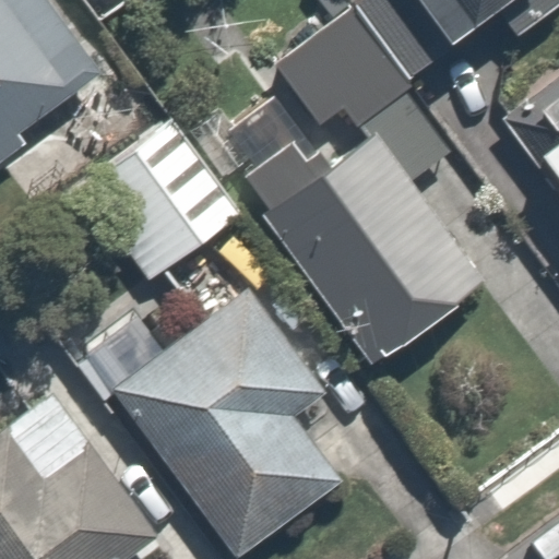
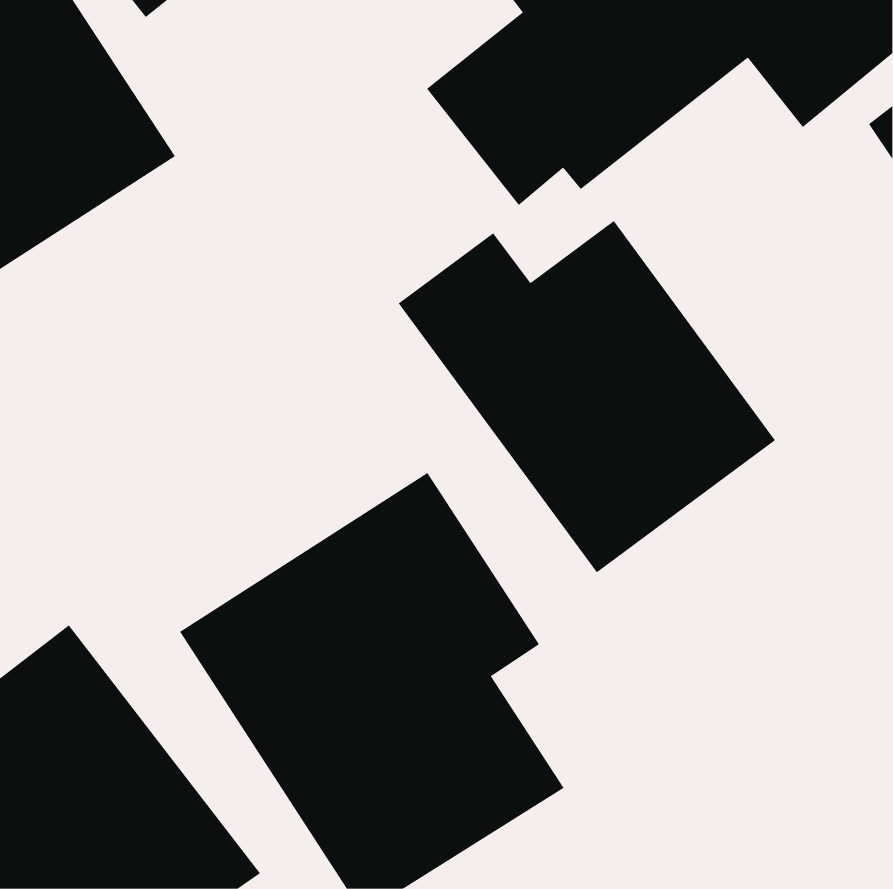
building: [83,121,236,273] -> none

